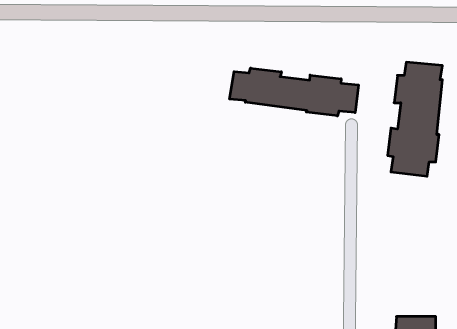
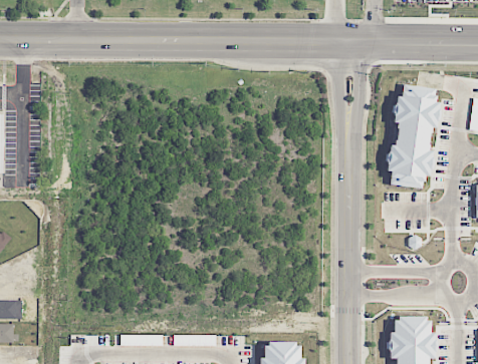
building: [230,68,358,116] -> none

